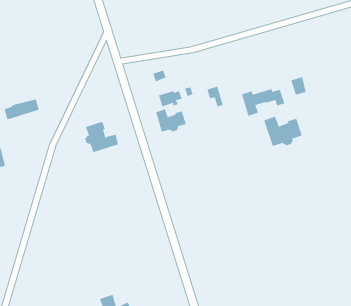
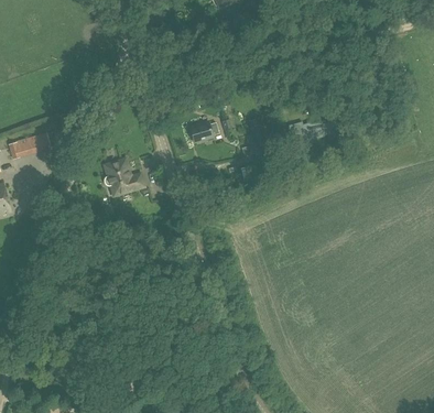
building: [155,109,186,133] -> none
building: [264,116,303,147] -> none

